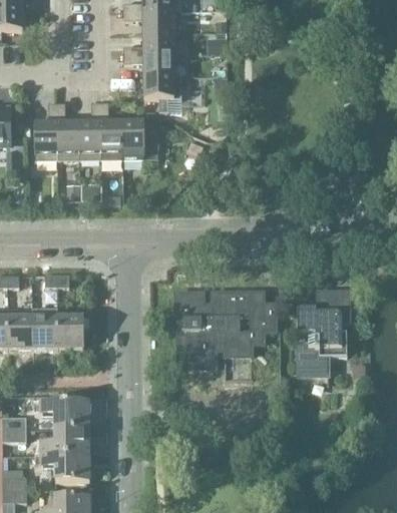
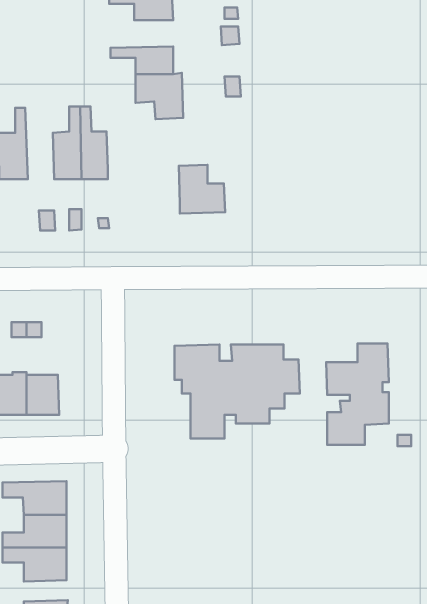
building: [124,31,174,53] -> none
building: [56,101,79,158] -> none
building: [121,119,158,158] -> [179,165,225,214]

